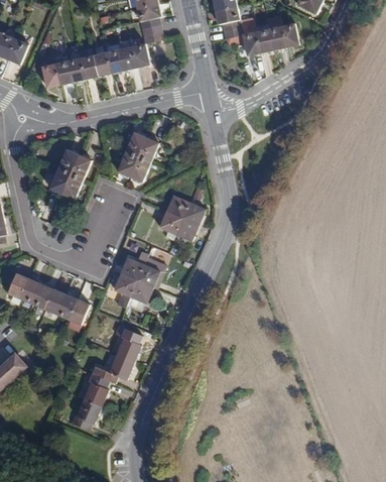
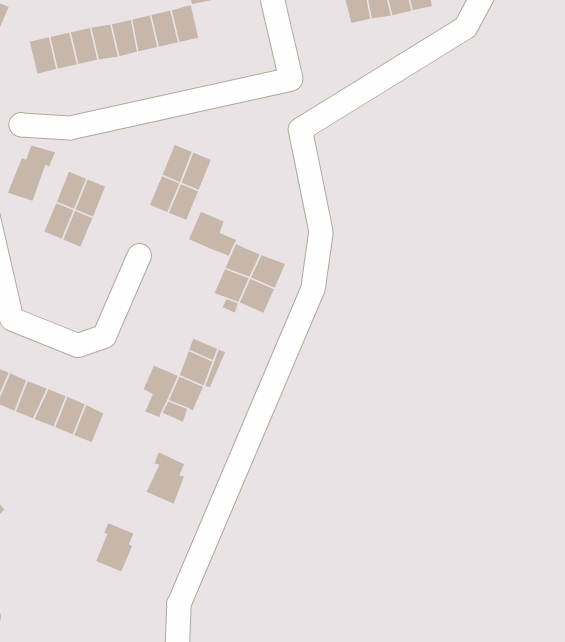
building: none -> [7,144,56,202]
building: none -> [188,211,237,257]
building: [120,251,146,279] -> none
building: [91,354,133,382] -> none
building: [70,398,100,430] -> none

